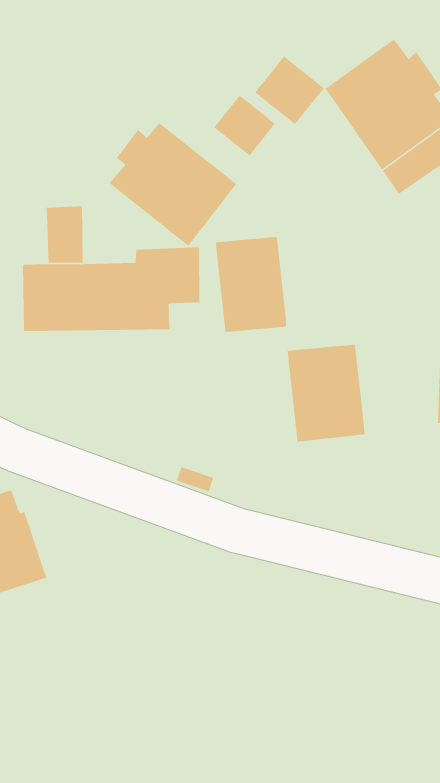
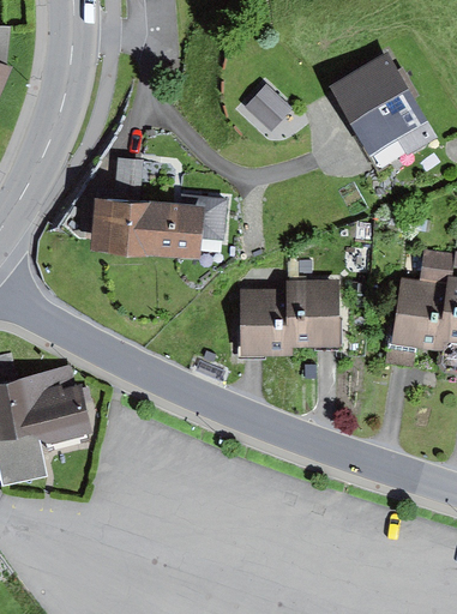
building: [254,55,325,125] -> none
building: [109,122,237,247] -> none
building: [215,236,287,333] -> [239,288,287,356]

